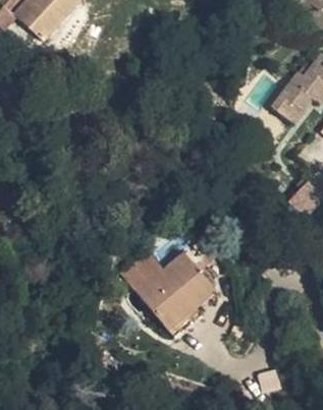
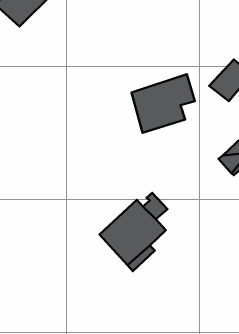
building: none -> [132,74,195,133]

